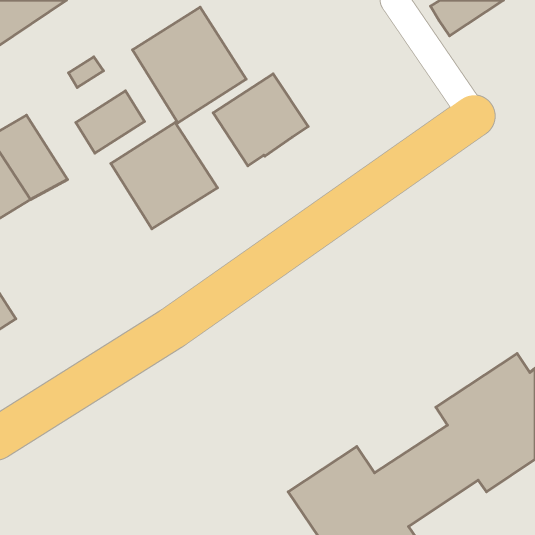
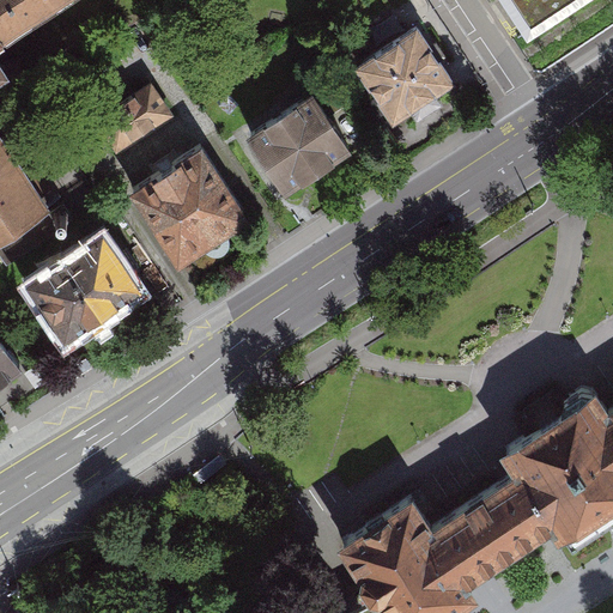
building: [132,7,246,123] -> none
building: none -> [353,26,453,125]
building: none -> [23,229,139,336]

